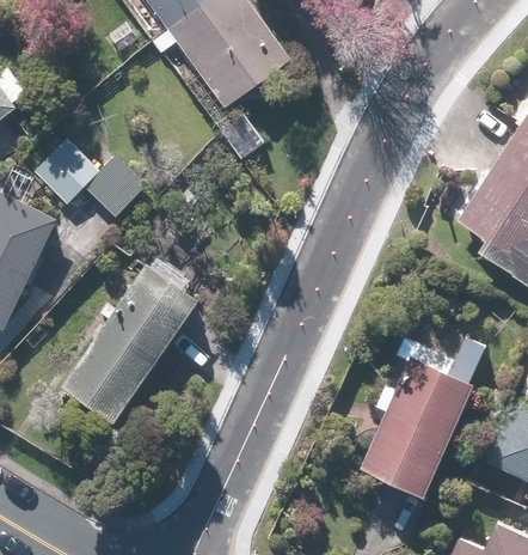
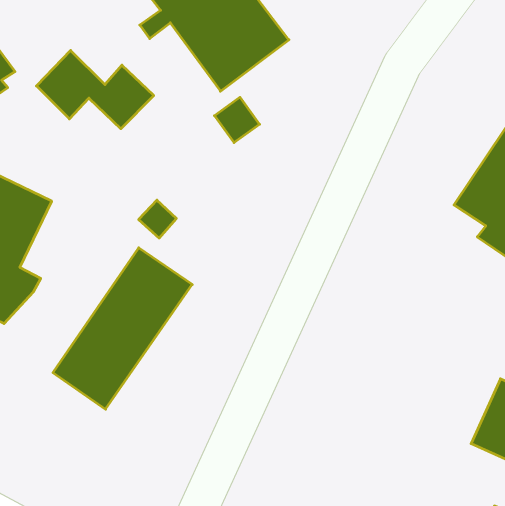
building: [31,142,146,219] -> [36,50,154,129]
building: [362,336,483,494] -> none

